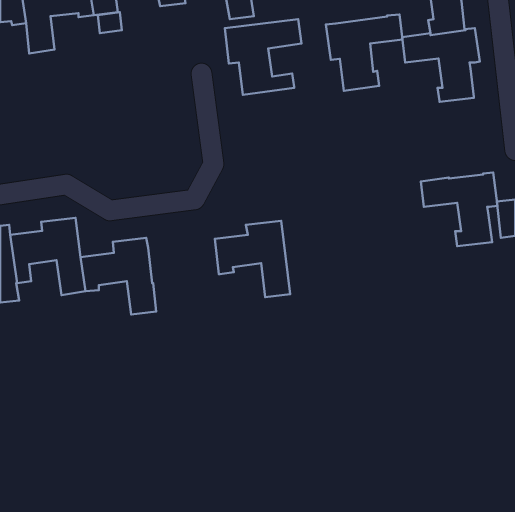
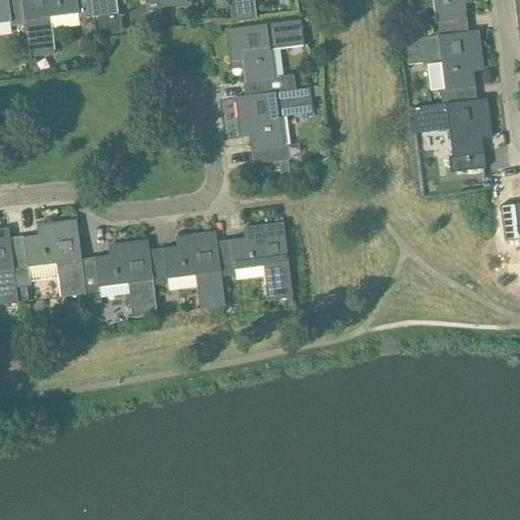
building: [326,14,402,91] -> [235,86,312,164]
building: [421,173,497,246] -> [414,96,492,171]
building: none -> [149,231,225,308]

